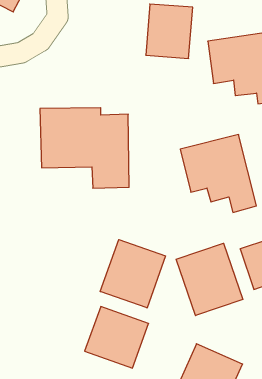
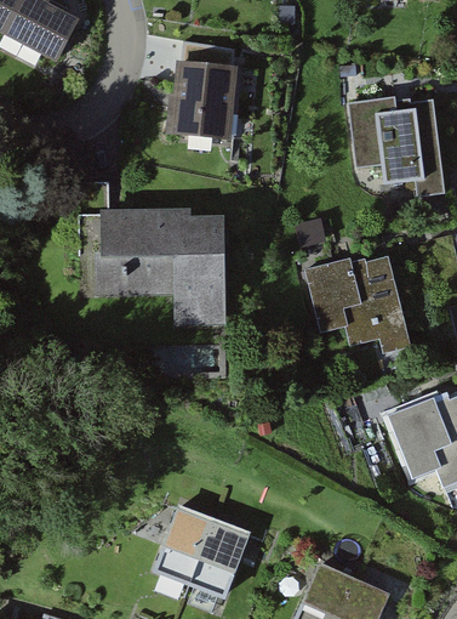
building: [146,4,193,58] -> [164,57,234,138]
building: [100,240,166,308] -> none
building: [176,243,243,316] -> none

